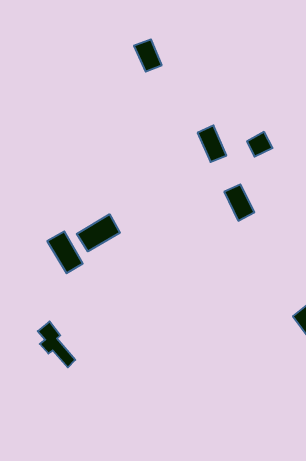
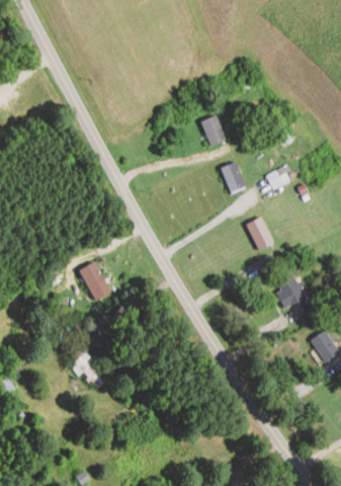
building: [134,39,162,72] -> [199,115,226,146]
building: [77,214,120,251] -> none
building: none -> [273,273,313,315]

